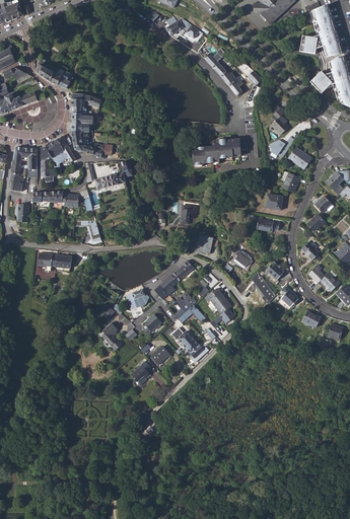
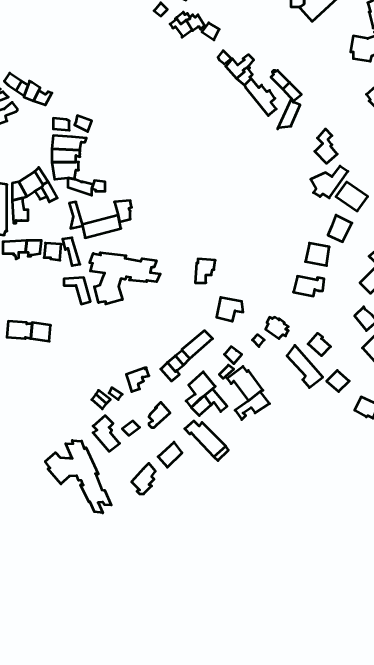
building: [193,136,241,163] -> none
building: none -> [90,253,160,304]
building: none -> [45,440,111,513]

